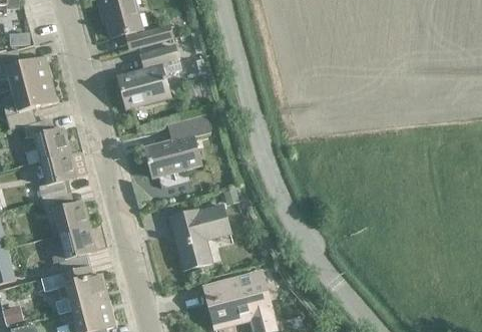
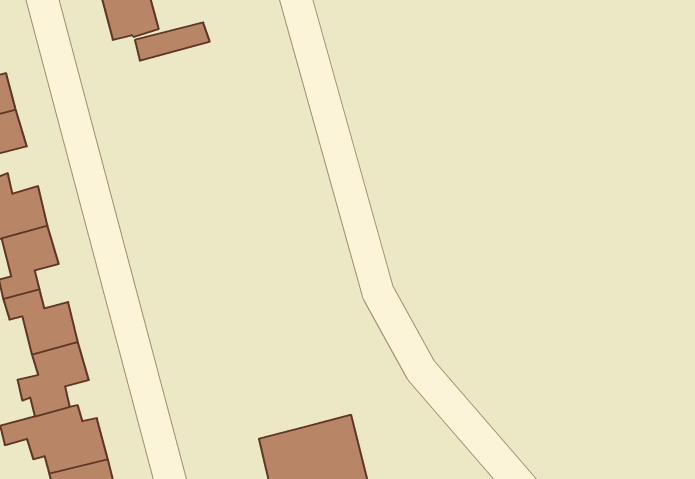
building: [118,45,179,106] -> none
building: [144,116,208,176] -> none
building: [169,206,229,269] -> none

